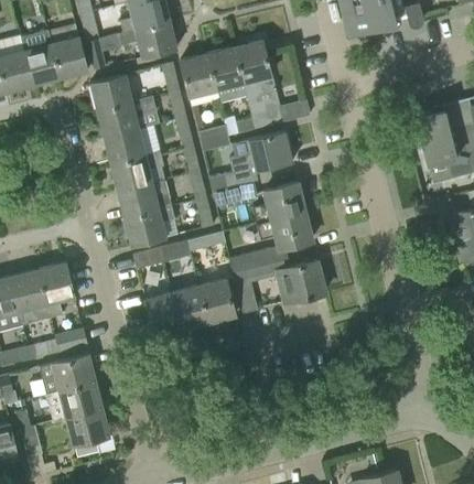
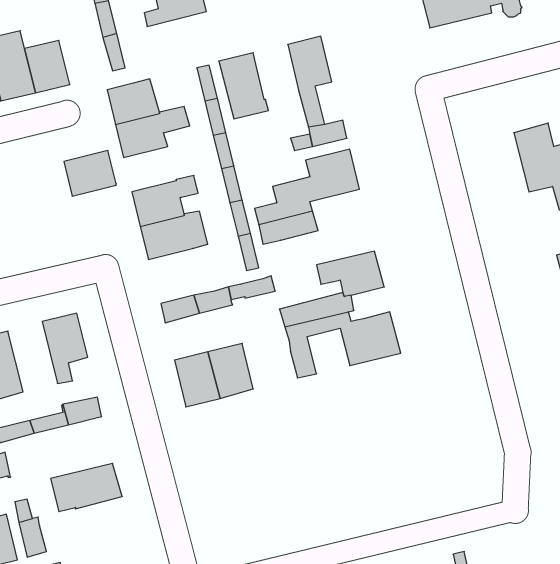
building: [118,20,176,57] -> none
building: [52,36,87,78] -> none
building: [207,46,244,90] -> none
building: [197,125,230,151] -> none
building: [104,128,146,164] -> [64,151,116,196]
building: [254,182,304,223] -> none
building: [123,206,174,246] -> none
building: [11,268,51,324] -> none
building: [198,278,235,322] -> none
building: [39,354,95,394] -> none
building: [65,408,109,456] -> none

